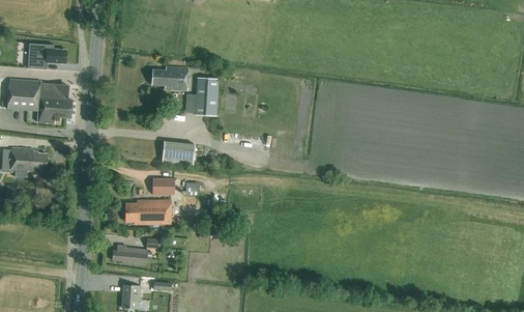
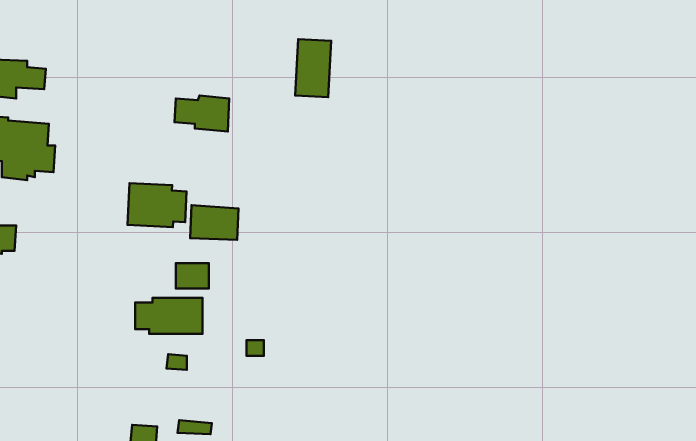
building: [195,77,219,115] -> [295,39,331,97]
building: none -> [128,183,187,227]
building: [113,245,147,264] -> none

